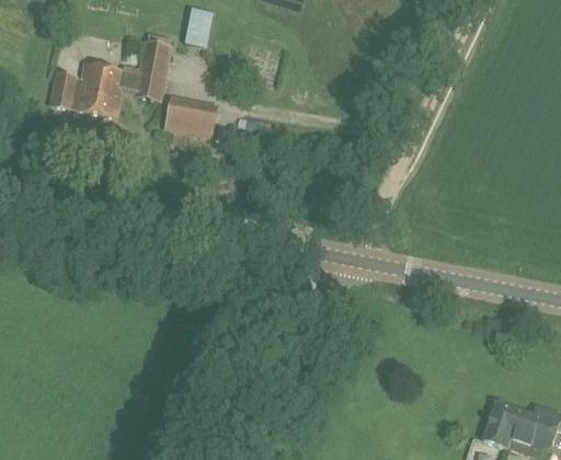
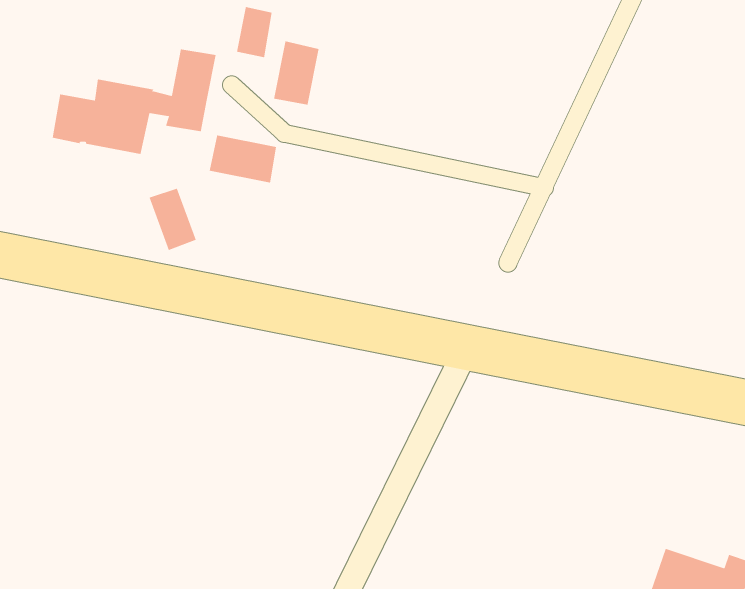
building: none -> [274,41,319,106]
building: none -> [149,188,196,251]

